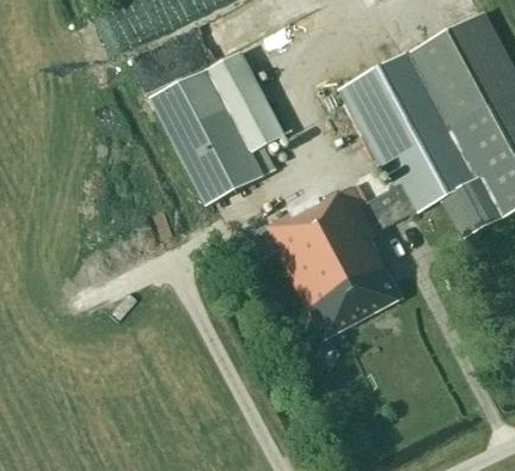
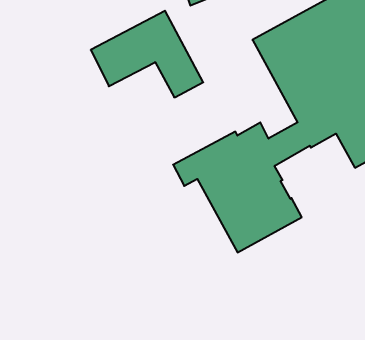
building: [172,111,262,204] -> none

